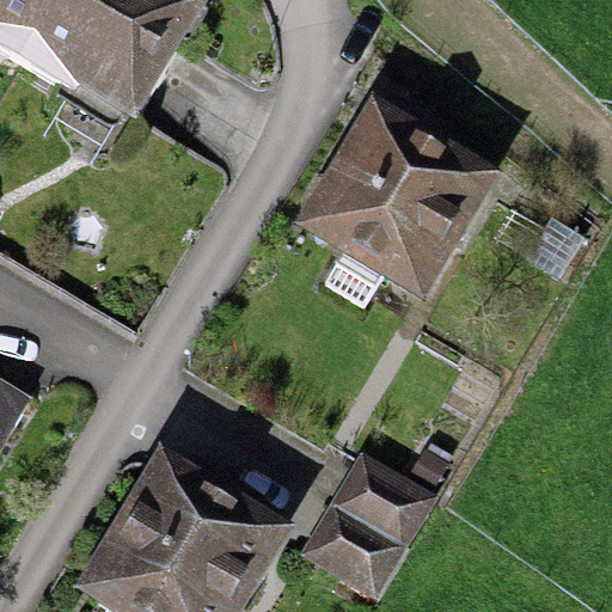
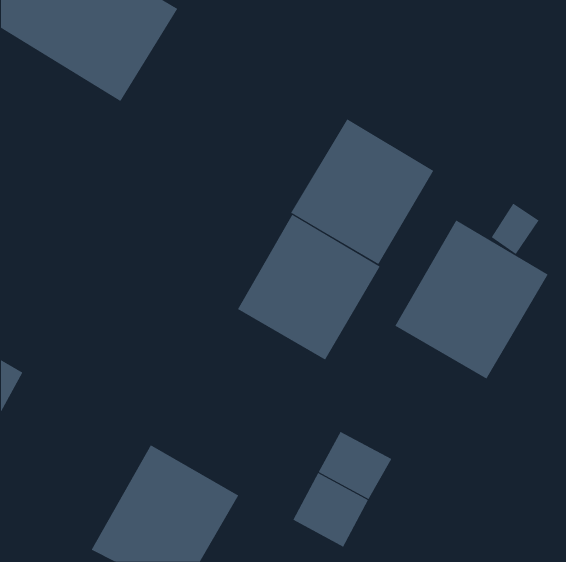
building: none -> [237,214,381,361]
building: none -> [395,220,549,379]

